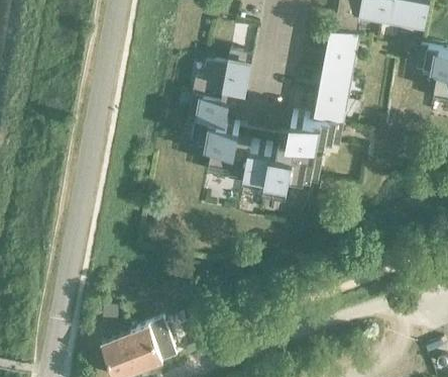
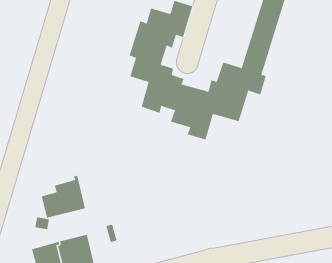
building: none -> [41,175,86,219]

